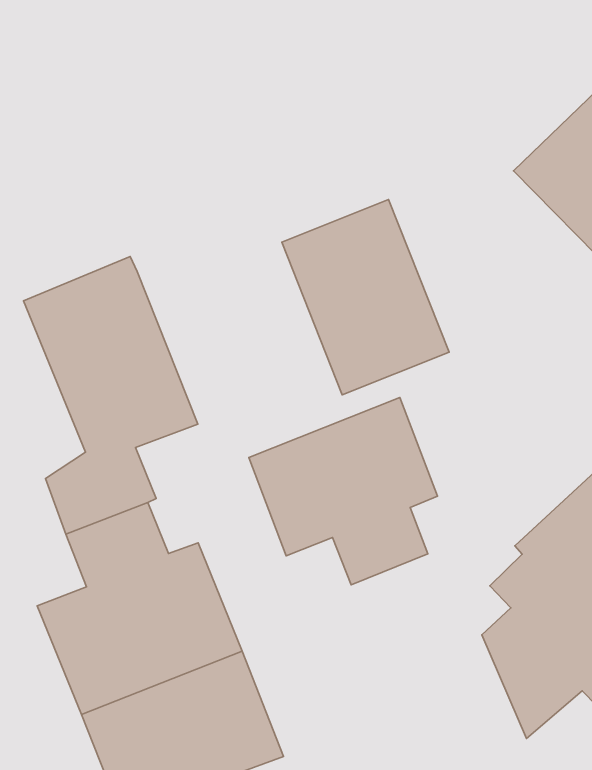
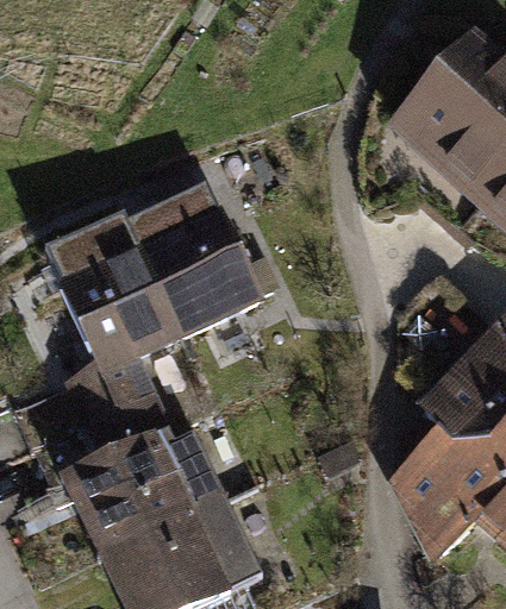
building: [282,199,449,395] -> [127,187,257,334]
building: [249,398,437,585] -> none

